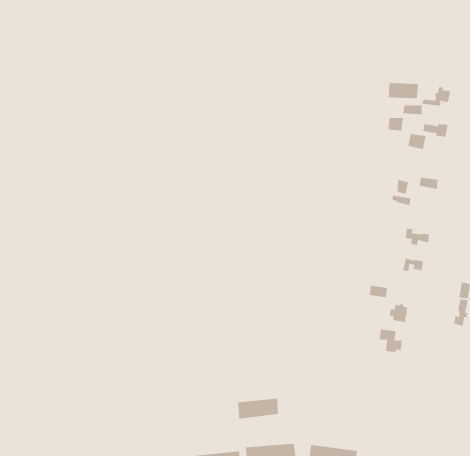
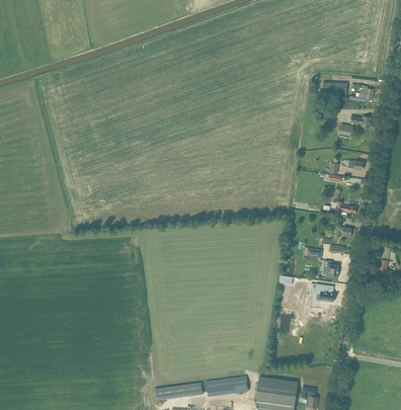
building: [238,398,279,419] -> none

